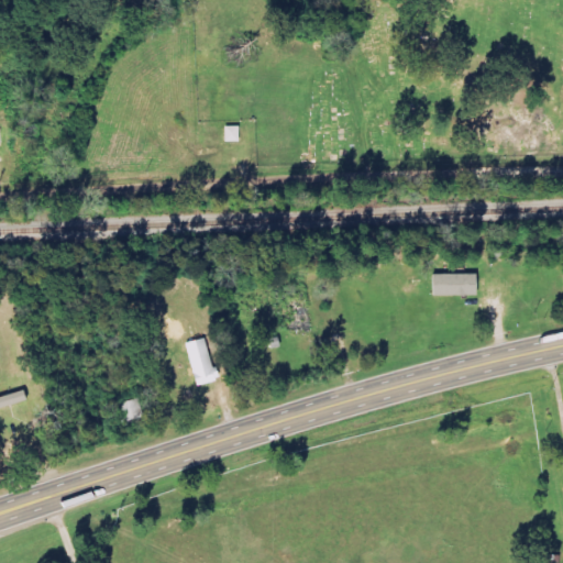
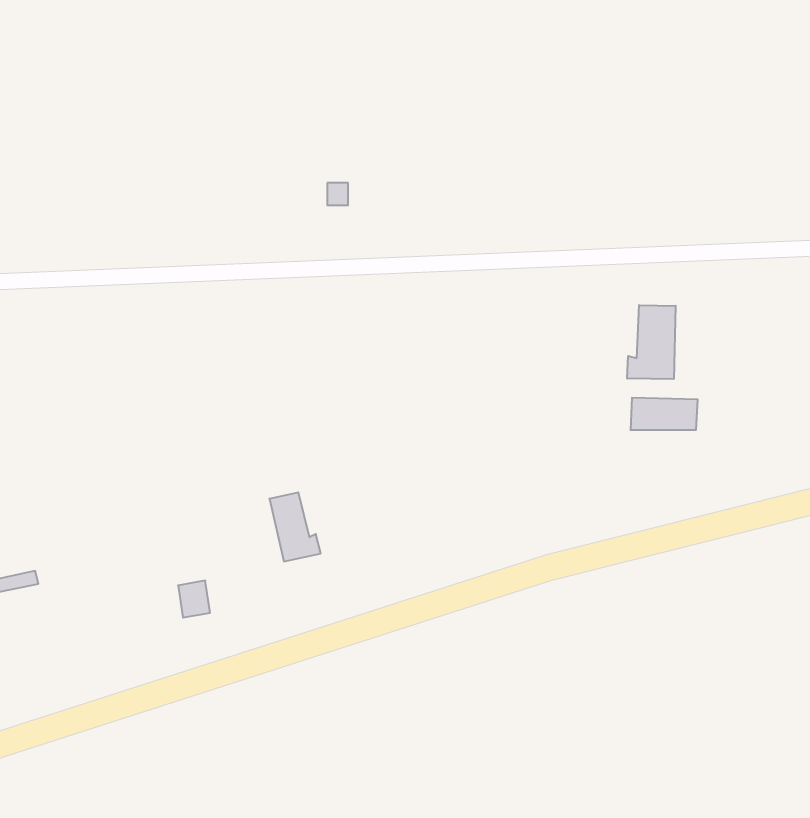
building: none -> [627,305,676,379]

